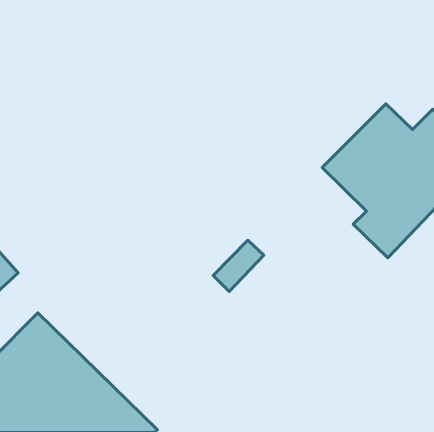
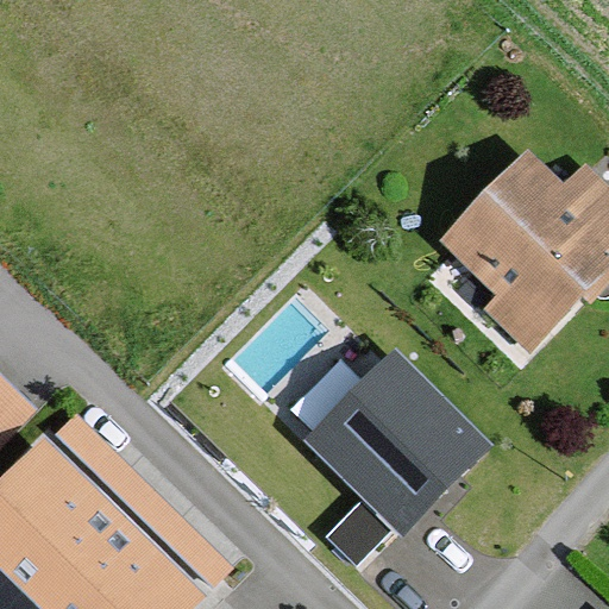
building: none -> [301,347,488,533]

